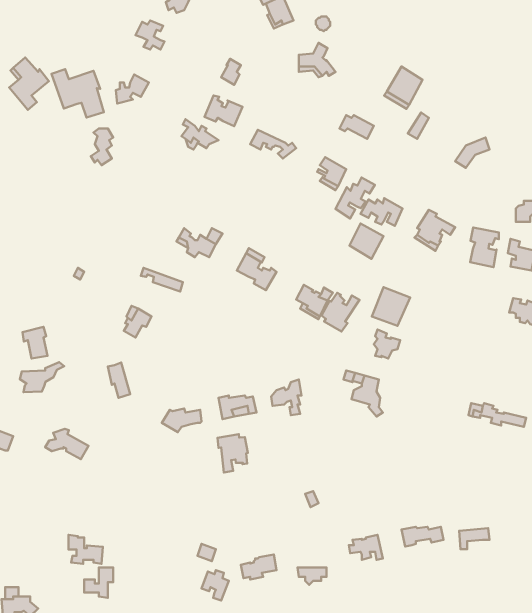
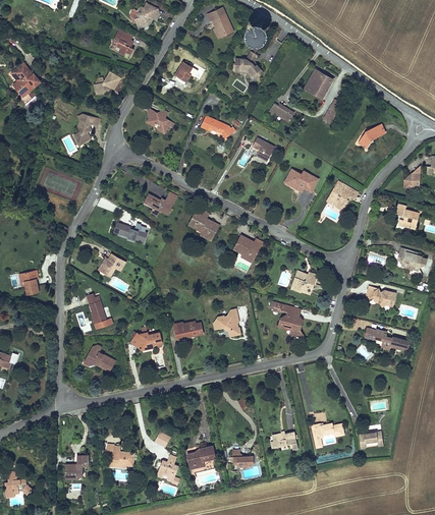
building: [52,69,104,118] -> none
building: [204,96,243,126] -> none
building: [336,177,375,218] -> none
building: [349,224,384,259] -> none
building: [470,228,499,267] -> none
building: [372,287,410,326] -> none
building: [322,293,359,332] -> none
building: none -> [367,285,397,305]
building: [20,362,64,392] -> none
building: [45,429,89,459] -> [80,349,114,373]
building: [218,434,248,472] -> none
building: [69,535,103,564] -> [109,443,135,465]

